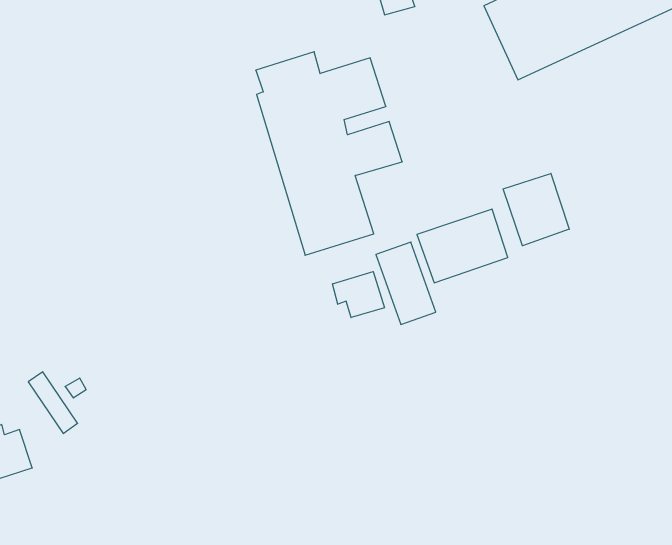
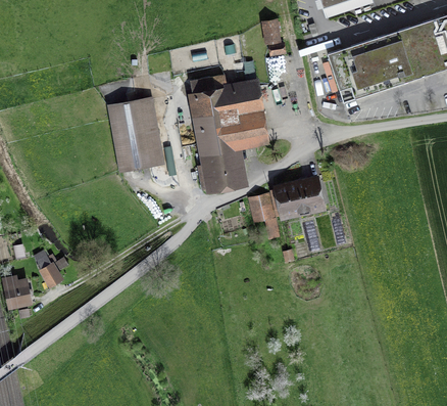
building: none -> [107,97,163,171]
building: [503,173,569,246] -> none
building: [333,272,385,318] -> none

